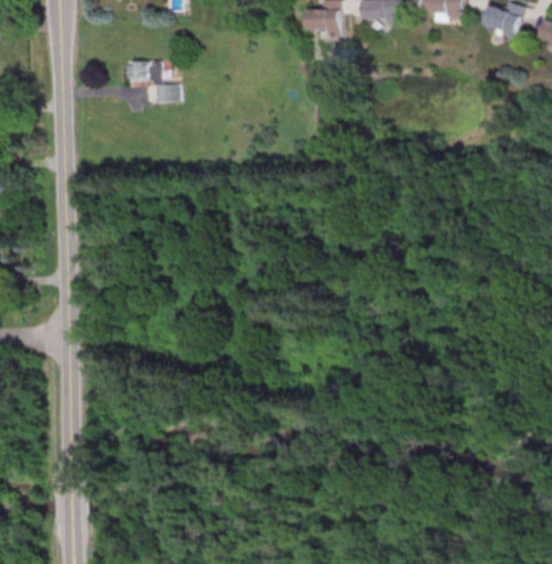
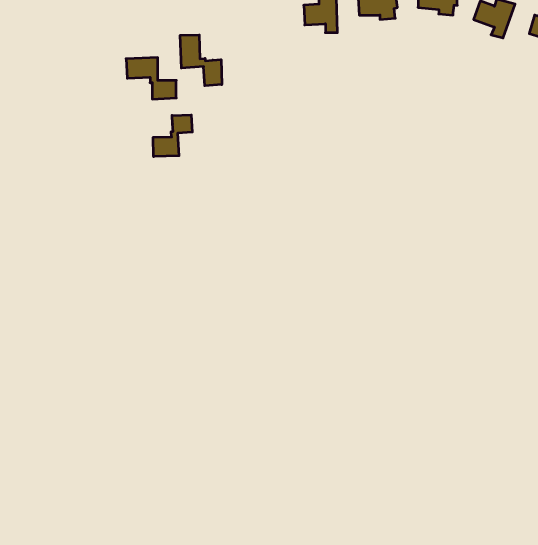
building: none -> [180,35,222,86]
building: none -> [153,115,192,157]

